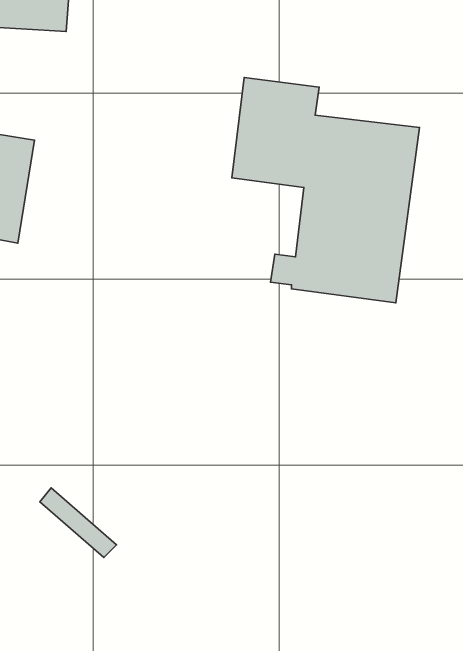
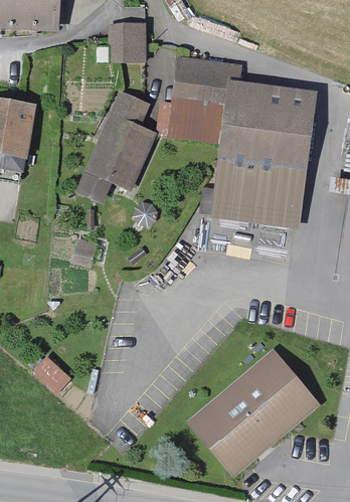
building: none -> [113,24,146,60]
building: none -> [83,98,151,195]
building: none -> [194,352,317,470]

